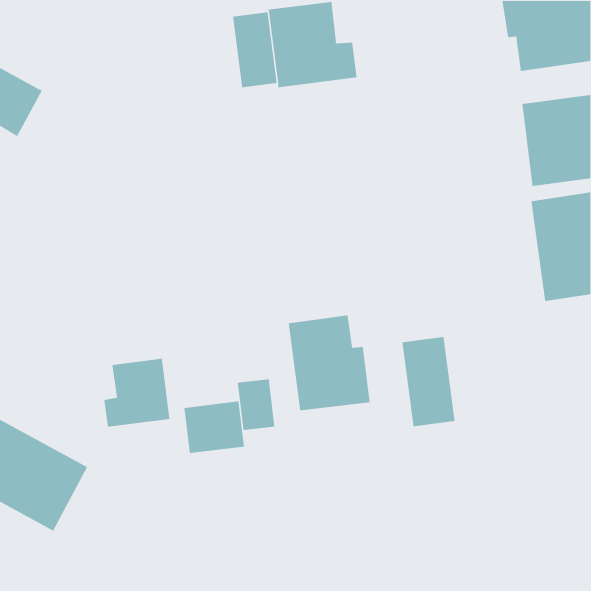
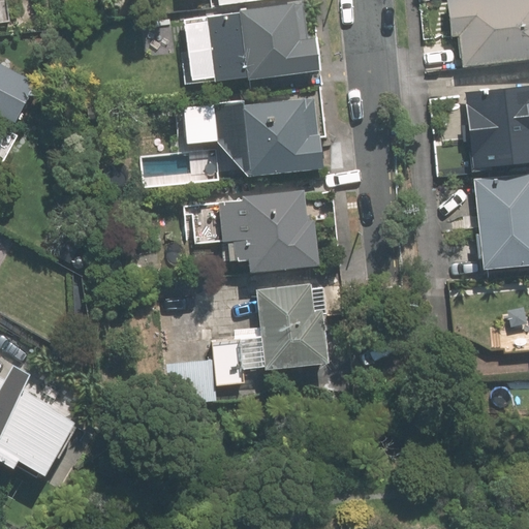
building: none -> [214,97,323,175]
building: none -> [219,190,317,271]
building: [401,336,456,427] -> none
building: [104,358,171,428] -> none

